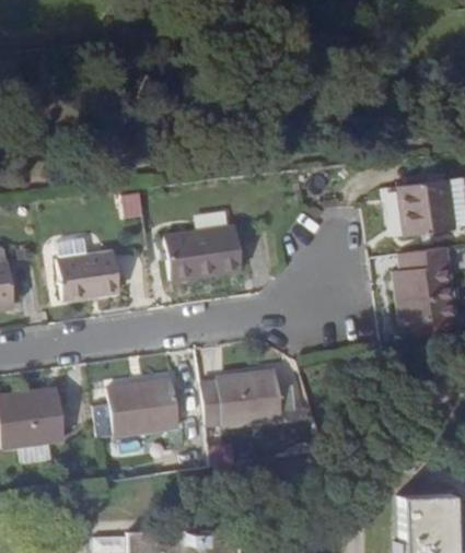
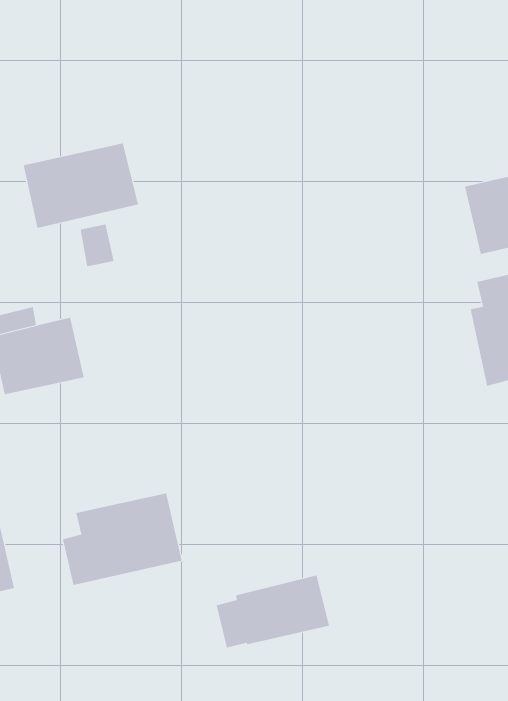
building: [168,231,246,284] -> [23,143,139,228]
building: [202,372,280,416] -> [216,575,330,648]

